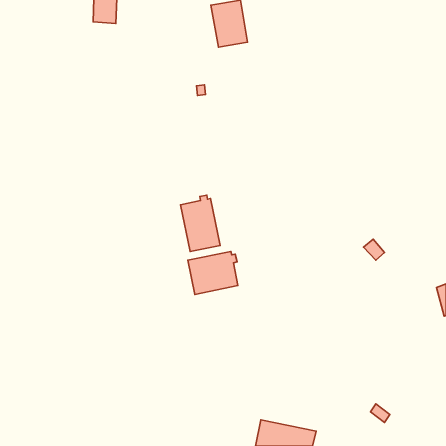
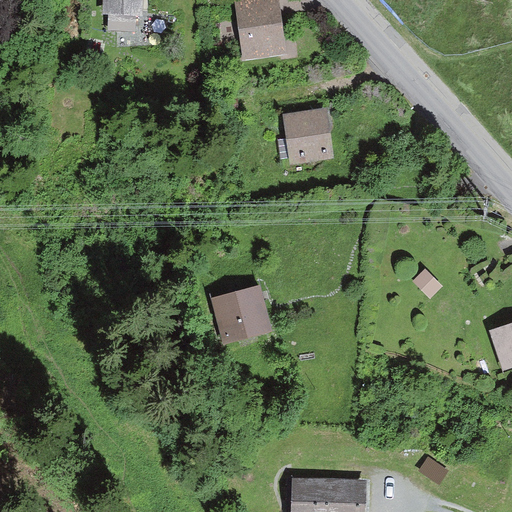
building: none -> [277,114,325,157]
building: [181,195,220,252] -> none

